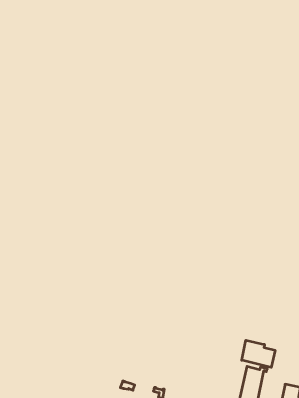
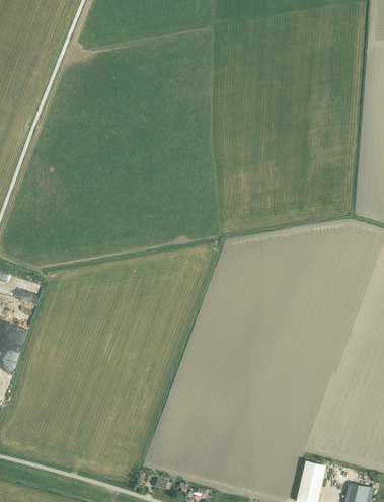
building: [242,340,275,367] -> none

